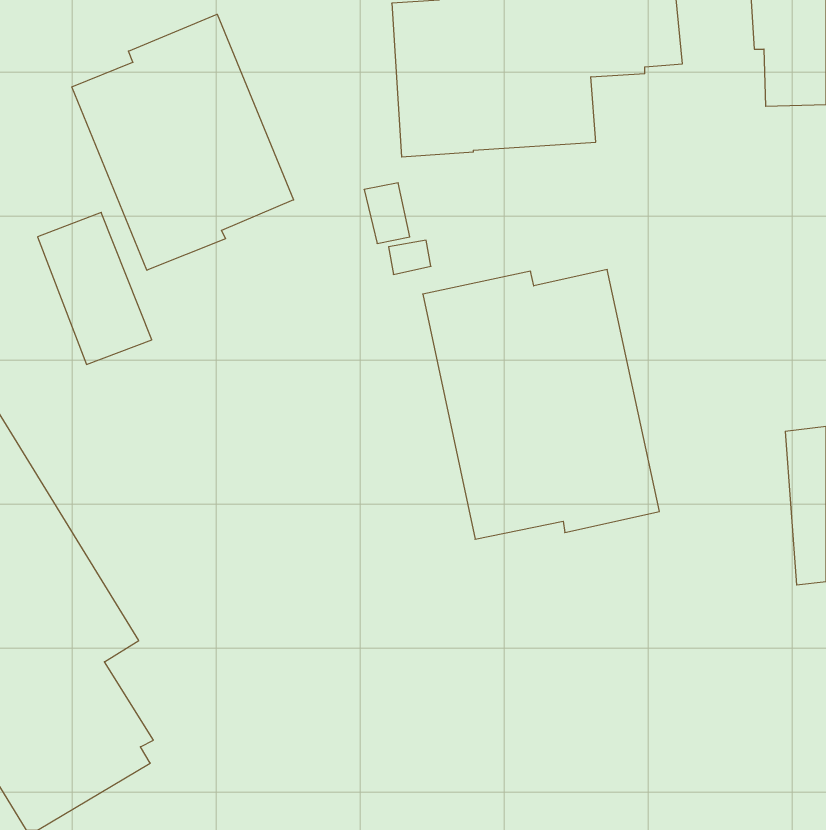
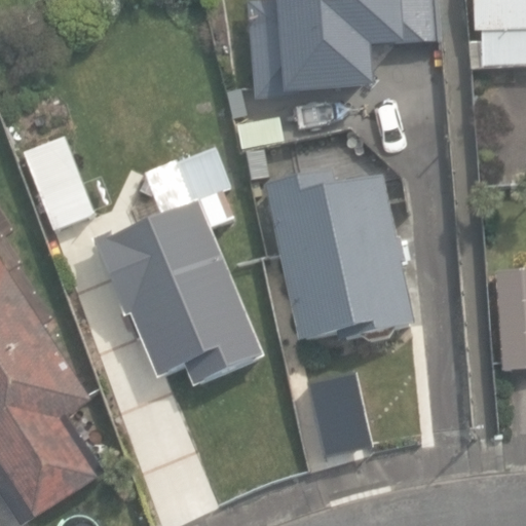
building: [72,14,294,270] -> none
building: none -> [92,144,263,383]

